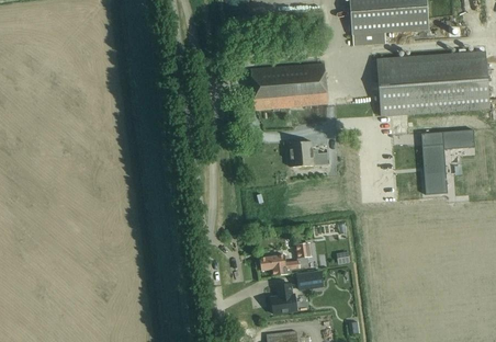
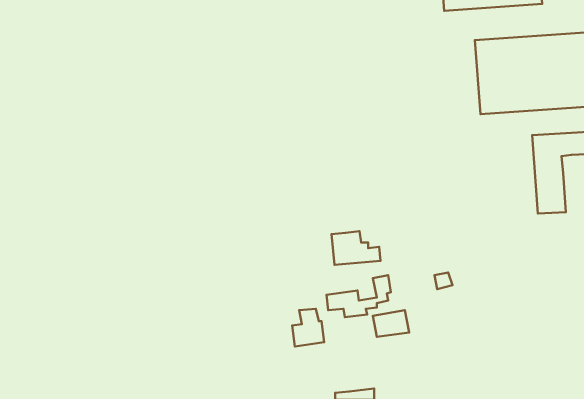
building: [252,62,329,111] -> none
building: [290,140,328,167] -> [332,231,381,265]
building: [270,284,295,314] -> [292,309,324,346]

